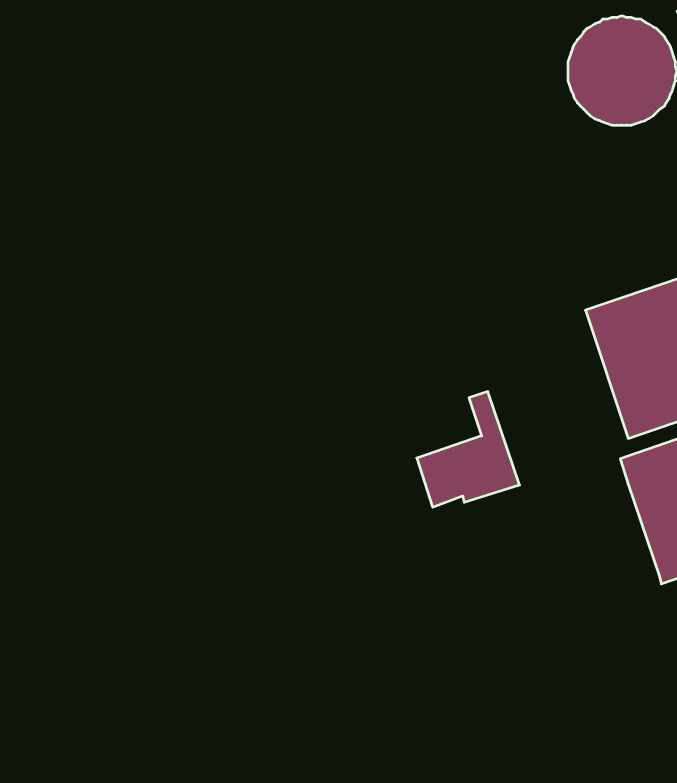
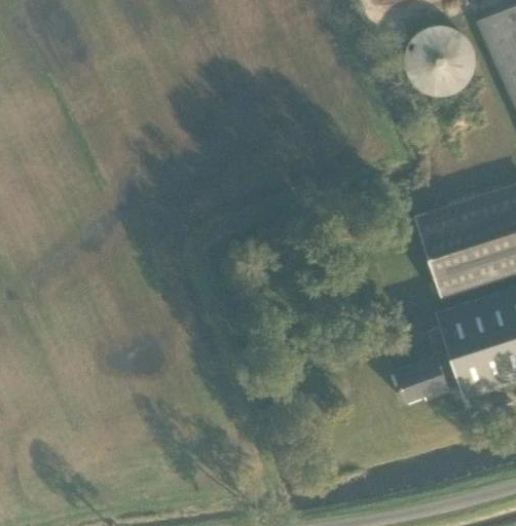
building: [417,392,520,507] -> [398,329,465,404]

